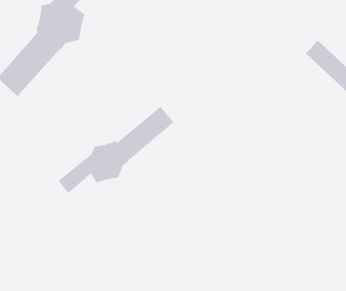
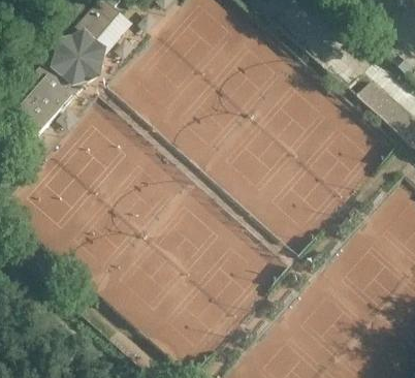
building: [58,106,174,194] -> none

